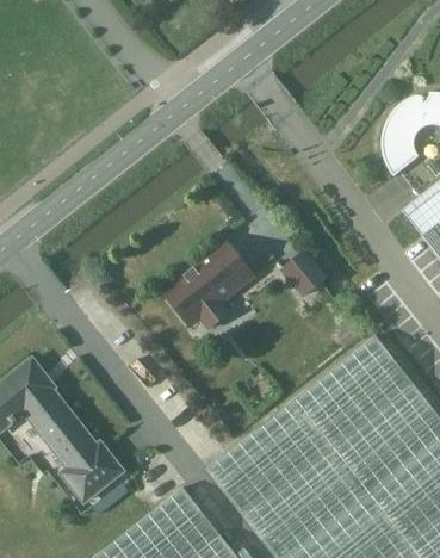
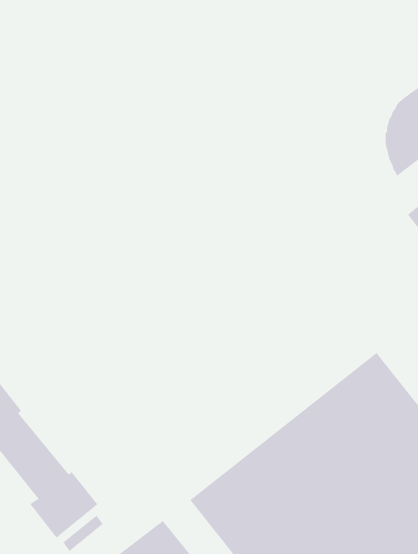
building: [163,246,253,333] -> none
building: [281,254,326,298] -> none

